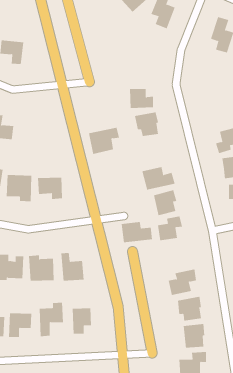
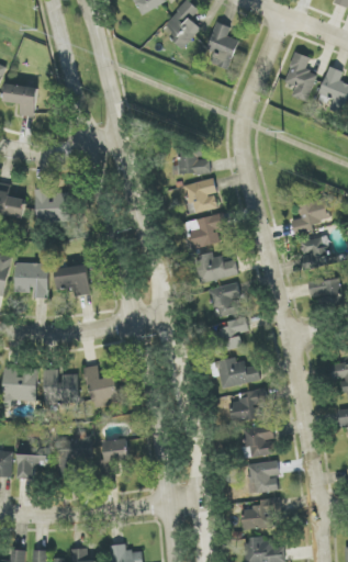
building: none -> [34,188,70,223]
building: [88,127,120,155] -> [184,213,226,249]
building: [121,221,153,243] -> [216,358,259,386]

